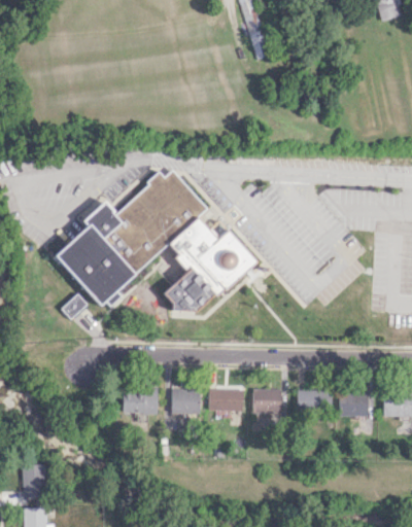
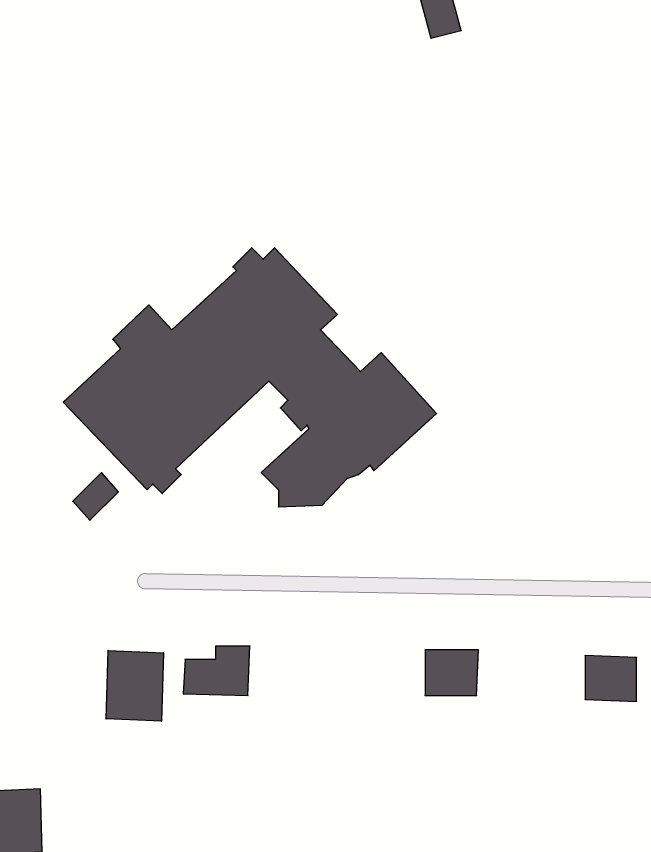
building: [171,388,200,414] -> none
building: none -> [106,650,163,721]
building: [210,390,244,410] -> none
building: [297,390,331,411] -> none

